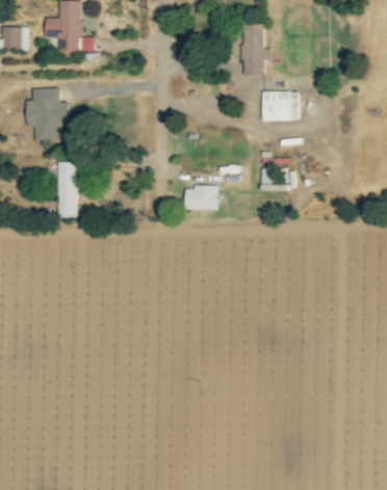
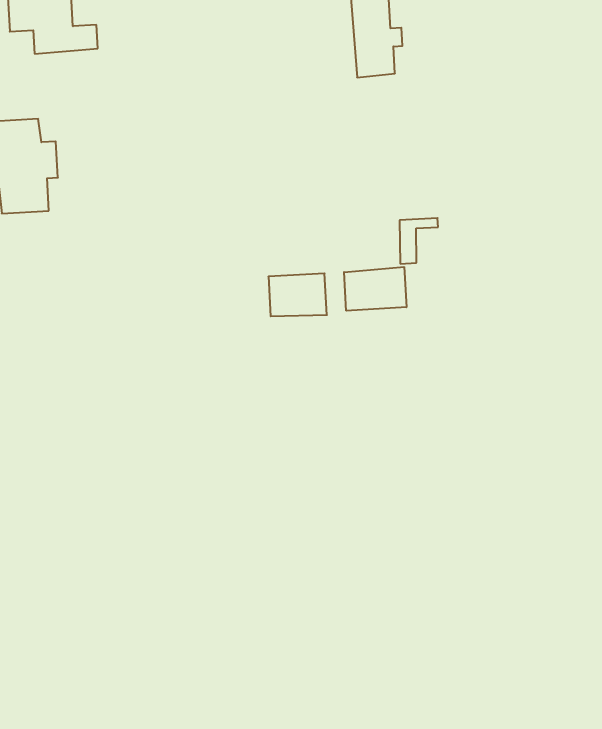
building: [261,90,299,120] -> none
building: [57,162,76,218] -> none
building: none -> [344,267,406,311]

